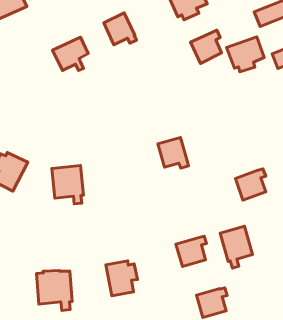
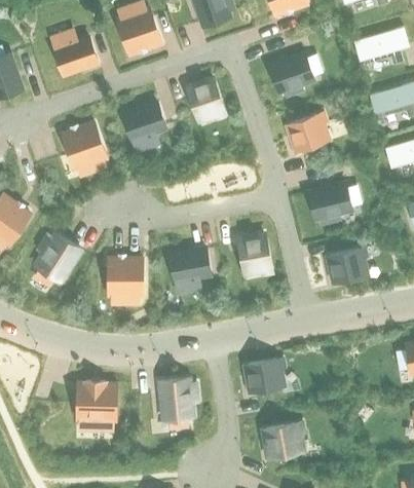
building: [226,37,264,72] -> [308,184,352,224]
building: none -> [63,123,107,170]
building: none -> [170,250,211,290]
building: [235,169,266,200] -> [330,248,367,283]
building: [220,226,253,268] -> none

